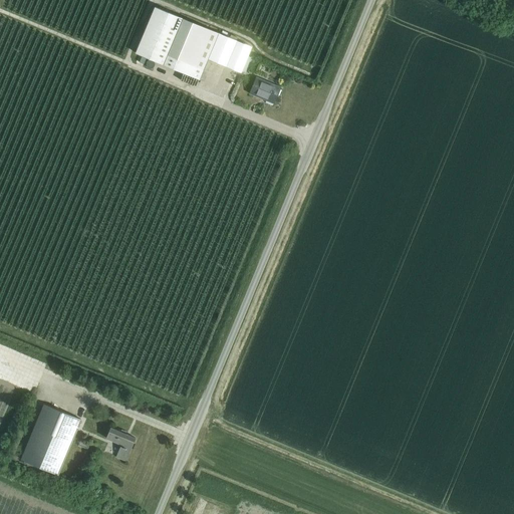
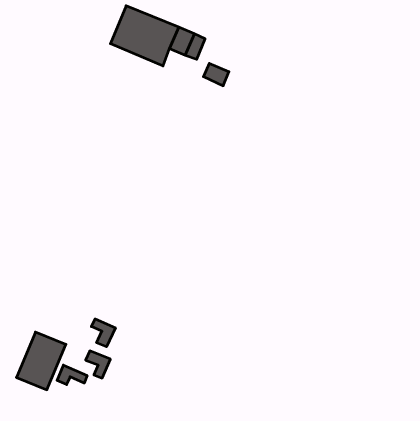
building: none -> [91,319,115,347]
building: none -> [57,365,87,385]

